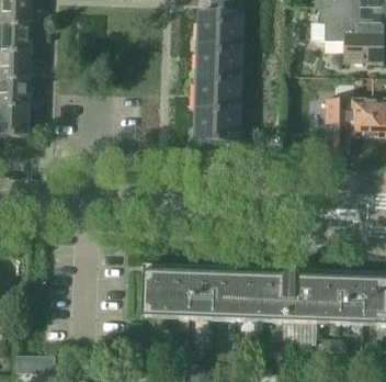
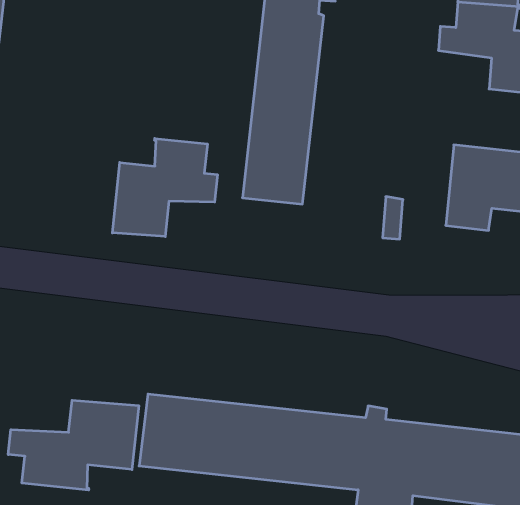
building: none -> [112,138,217,237]
building: none -> [8,400,139,490]

